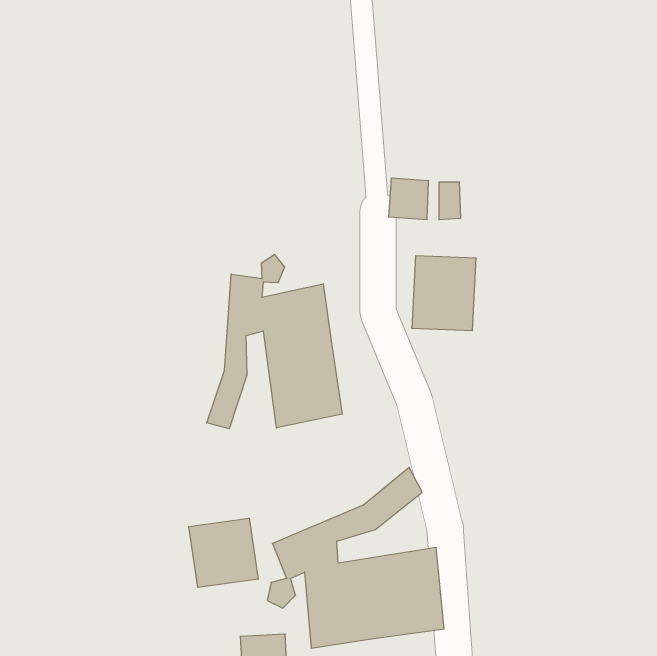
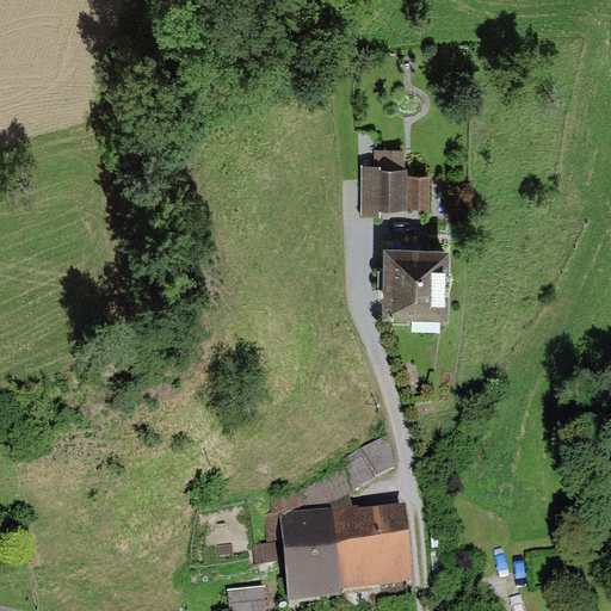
building: [207,255,342,429] -> none
building: [189,518,258,587] -> none

